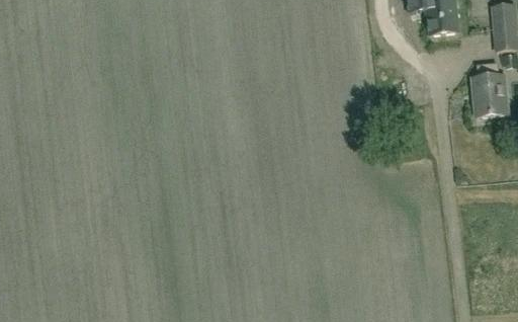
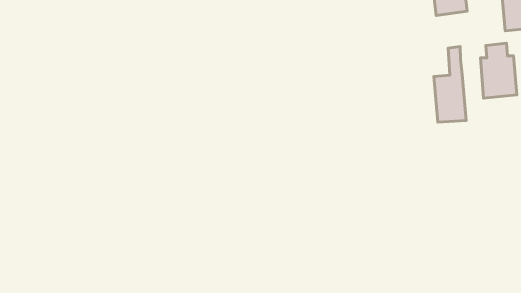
building: none -> [434,46,466,122]

